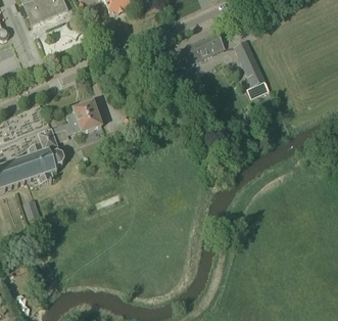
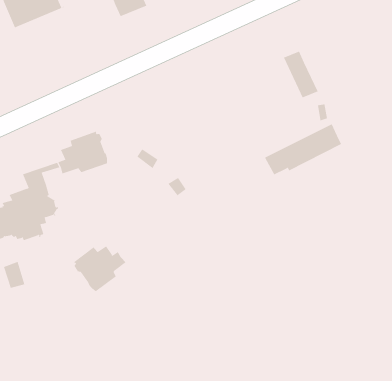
building: [165,31,224,70] -> [264,124,342,175]
building: none -> [73,245,126,292]

